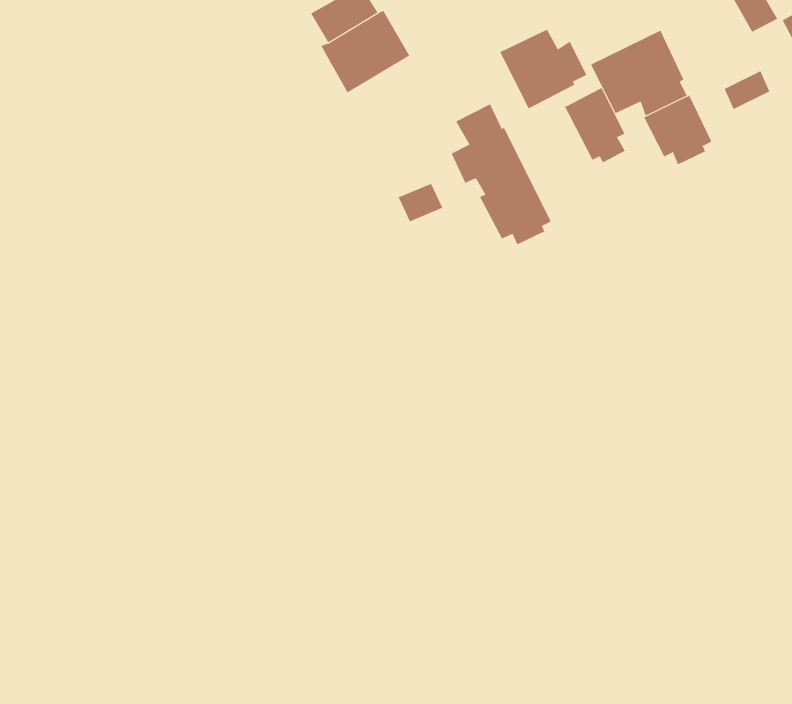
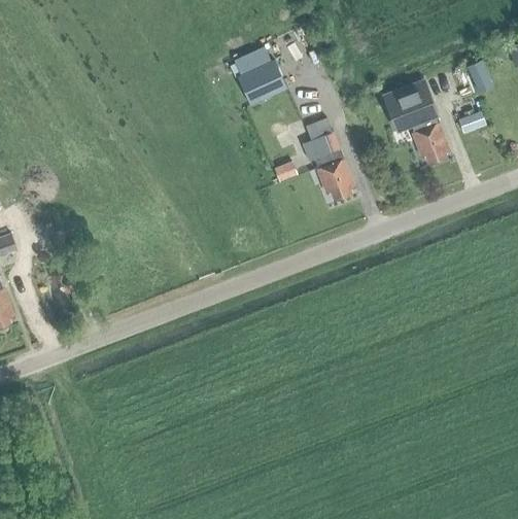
building: [500,29,587,109] -> none
building: [564,87,626,163] -> none

